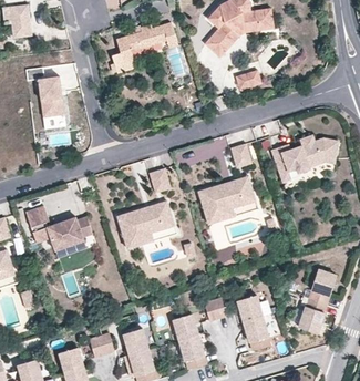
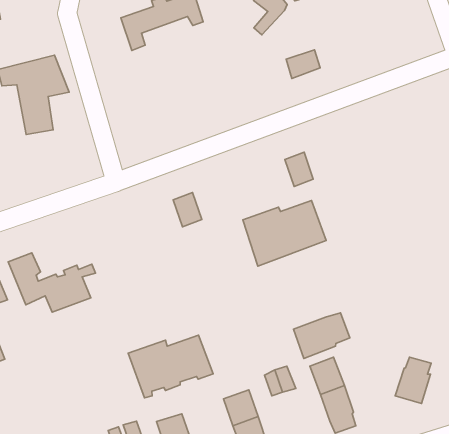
building: [271,138,342,173] -> none
building: [114,205,175,248] -> [128,335,213,398]
building: none -> [294,313,350,358]
building: [312,269,338,303] -> none

